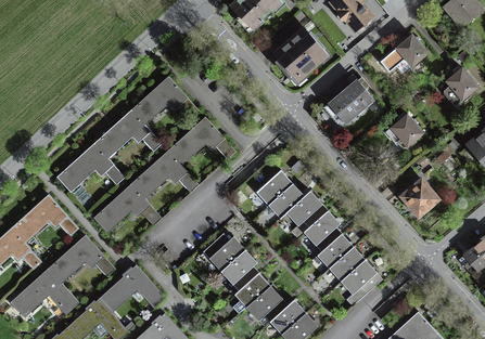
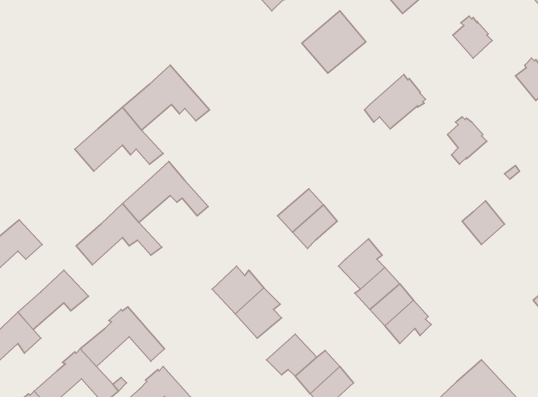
building: [168,116,235,165] -> none
building: [55,140,126,193] -> none
building: [285,192,328,227] -> none
building: [232,274,269,313] -> none

